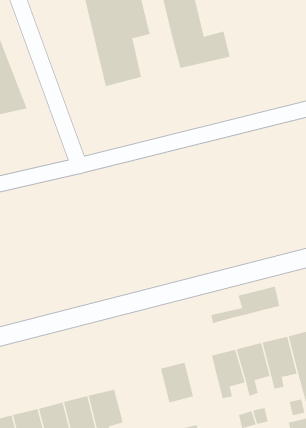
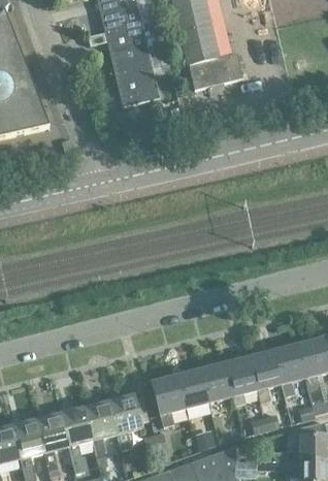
building: [211,286,280,324] -> none
building: none -> [200,362,233,402]
building: none -> [152,375,185,425]

